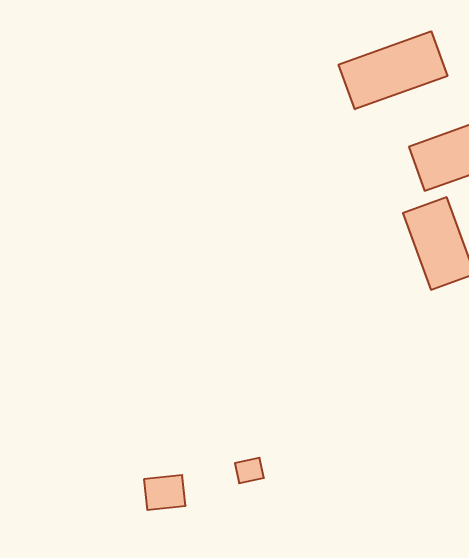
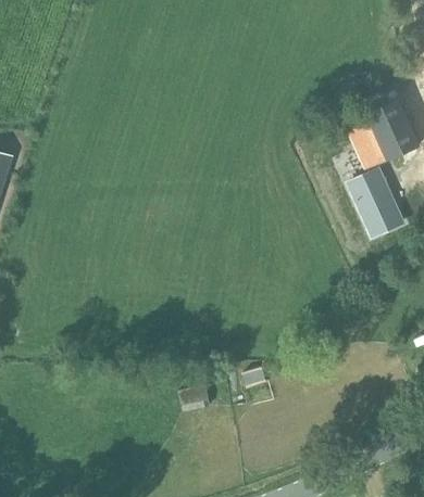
building: [339,31,447,109] -> none

